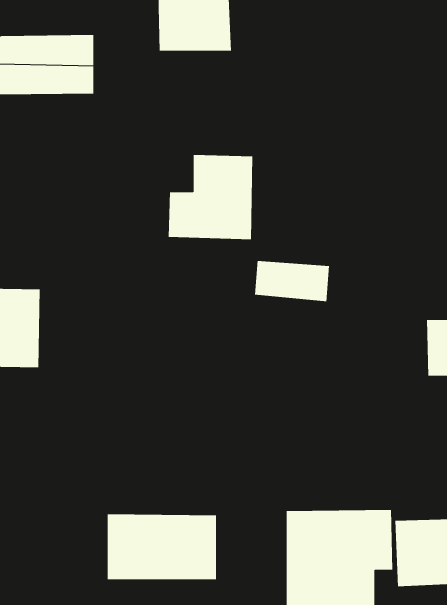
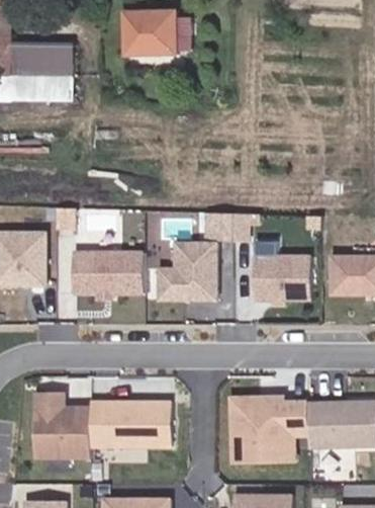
building: [168,155,253,240] -> [156,240,218,303]
building: none -> [72,250,143,299]
building: none -> [256,253,310,294]
building: none -> [32,391,90,459]

